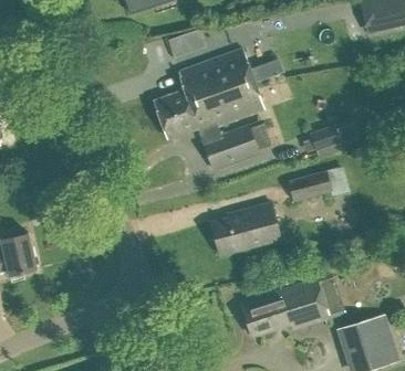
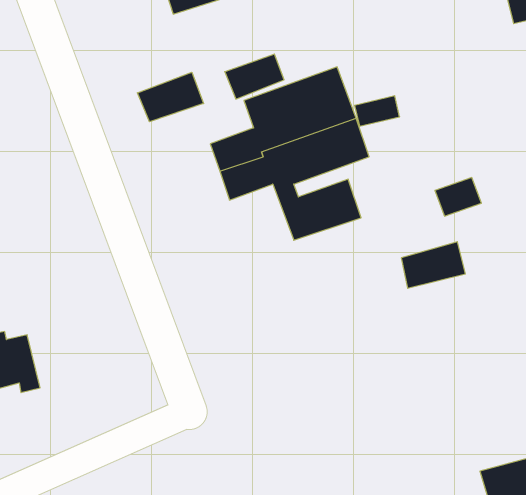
building: none -> [137,72,204,122]
building: [210,202,280,255] -> none
building: [242,274,345,338] -> none

